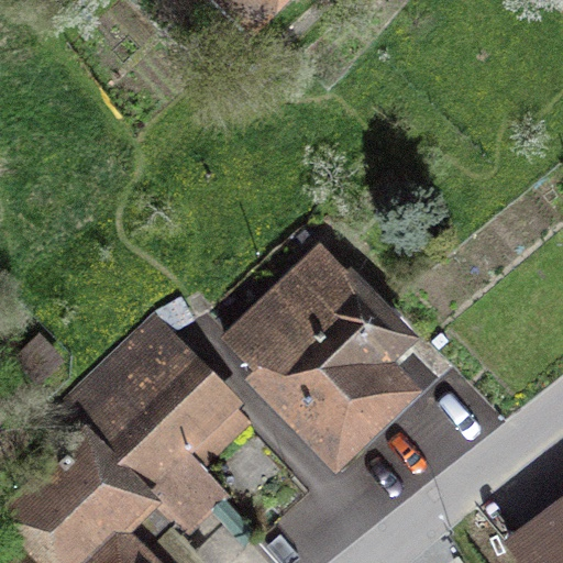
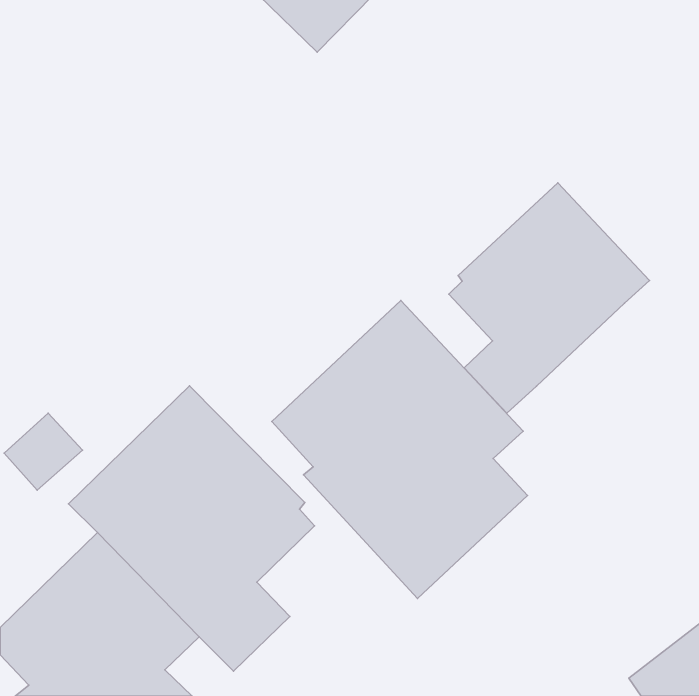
building: none -> [449,183,649,413]

